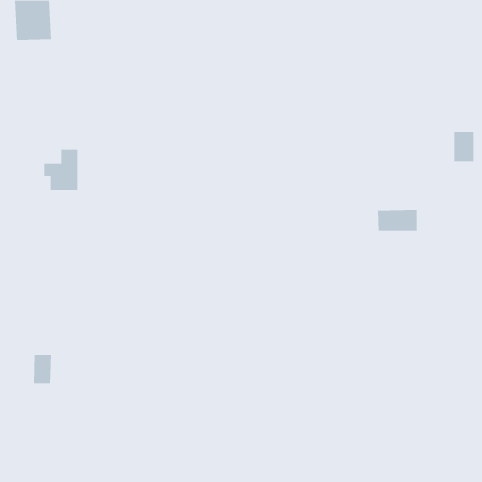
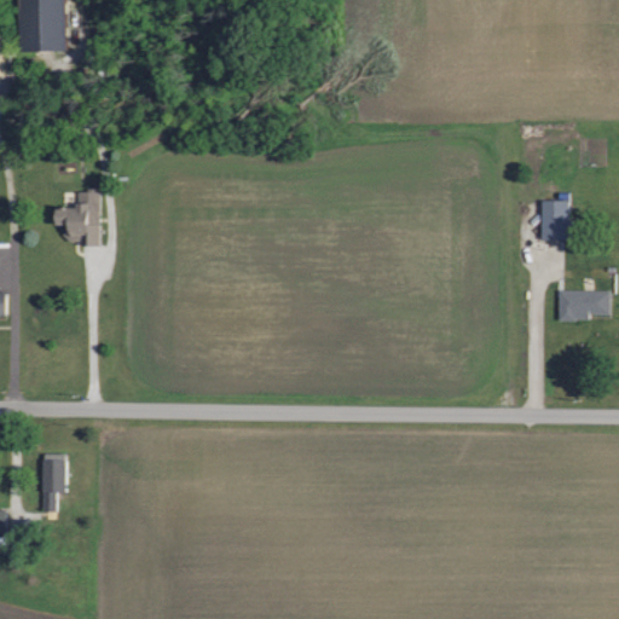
building: [453,132,474,162] -> [542,201,568,239]
building: [377,210,418,231] -> [559,290,611,318]

